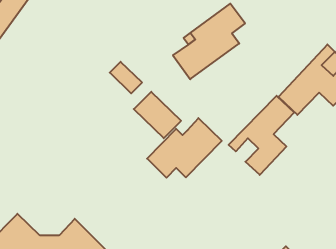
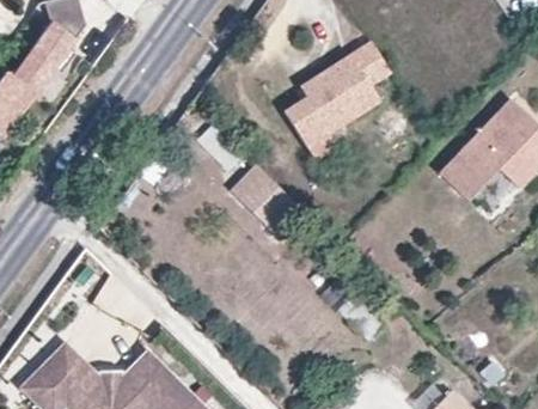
building: [229,96,294,175] -> none
building: [147,118,222,178] -> none

